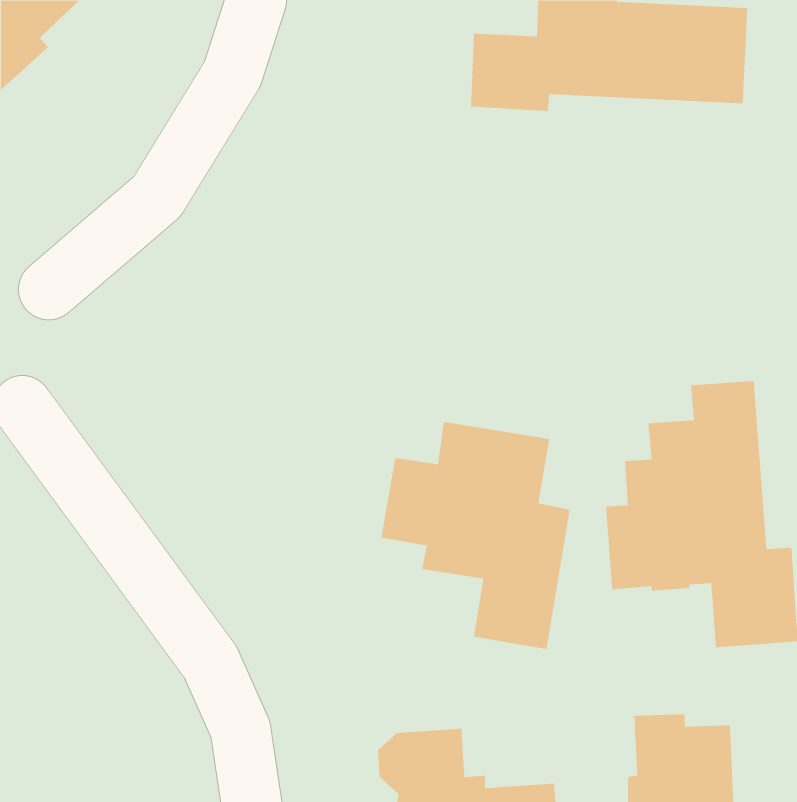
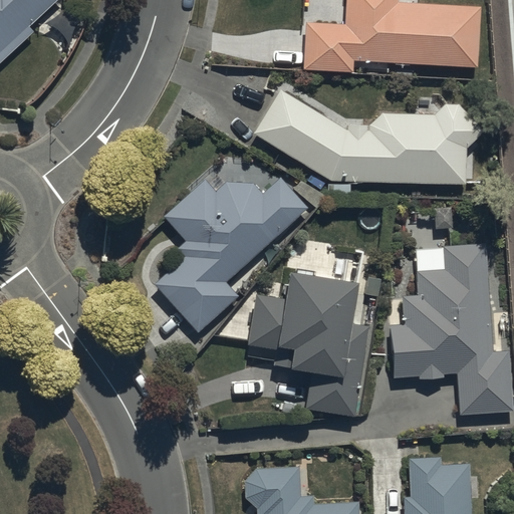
building: none -> [253,89,486,184]
building: none -> [156,177,307,331]

